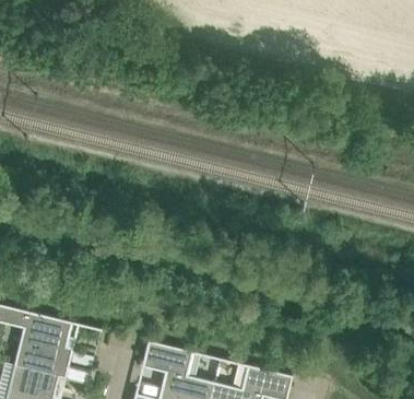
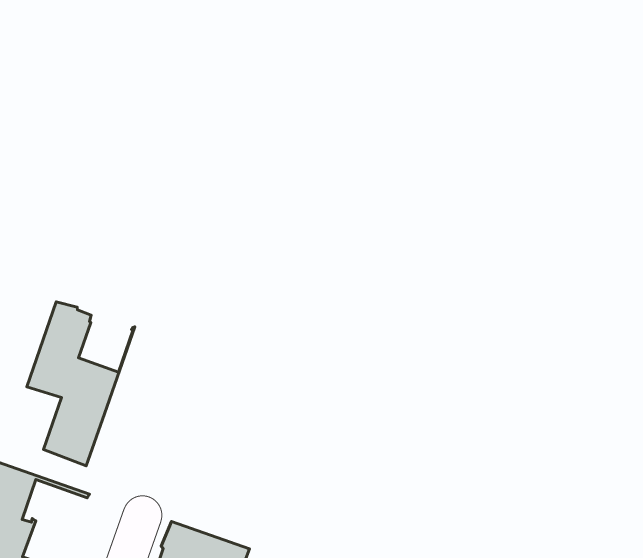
building: none -> [27,302,135,466]

